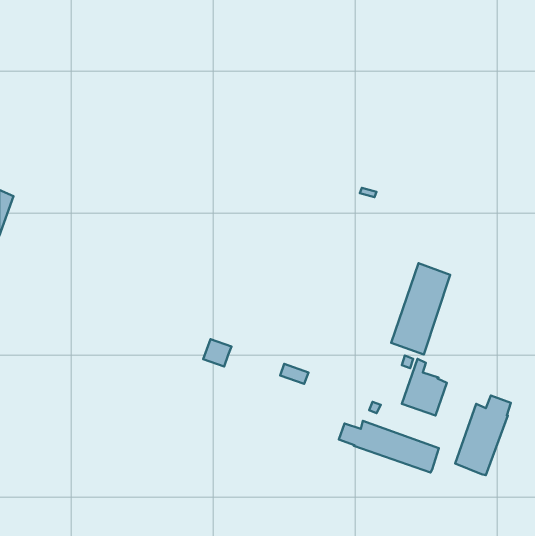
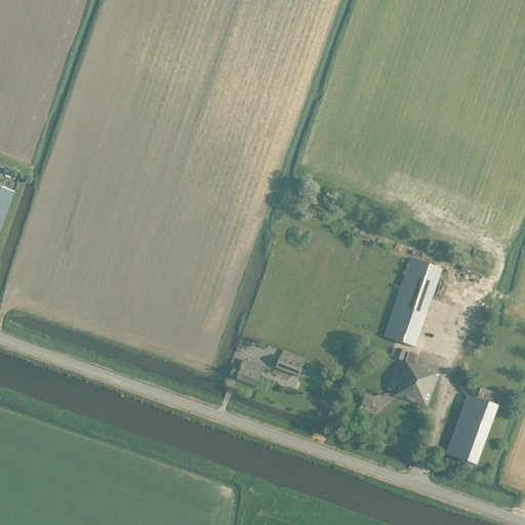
building: [203,339,231,366] -> [235,360,262,387]
building: [339,421,439,473] -> none

